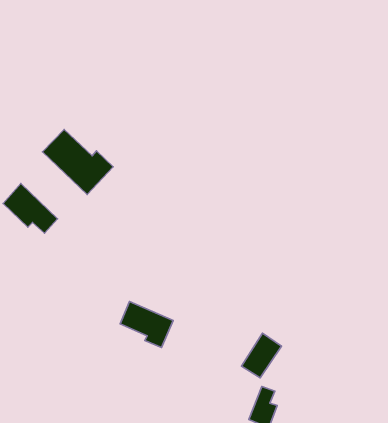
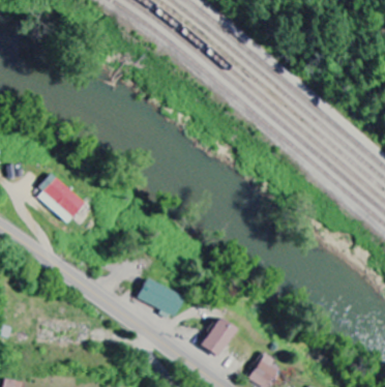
building: [42,129,113,194] -> none
building: [241,333,282,378] -> [201,316,236,355]

